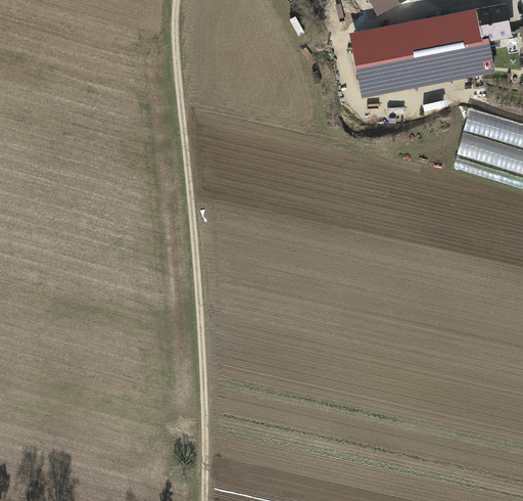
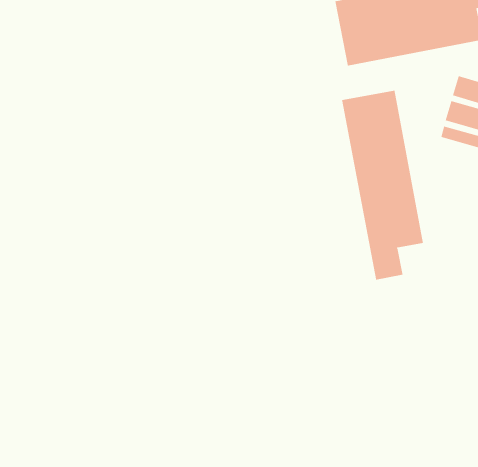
building: none -> [341,90,424,280]

